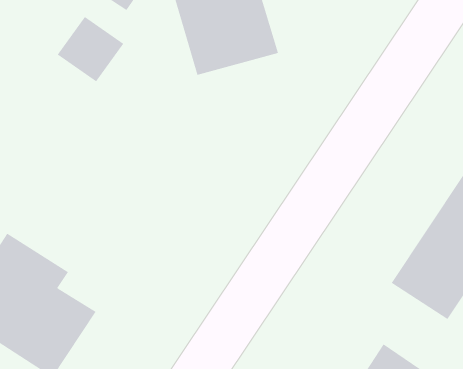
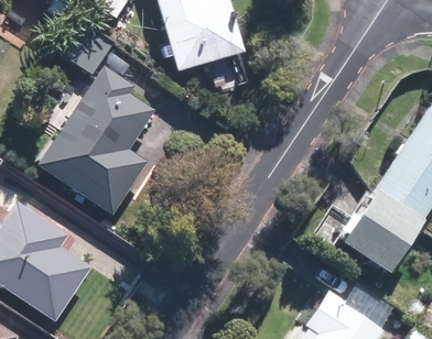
building: none -> [37,66,154,215]

